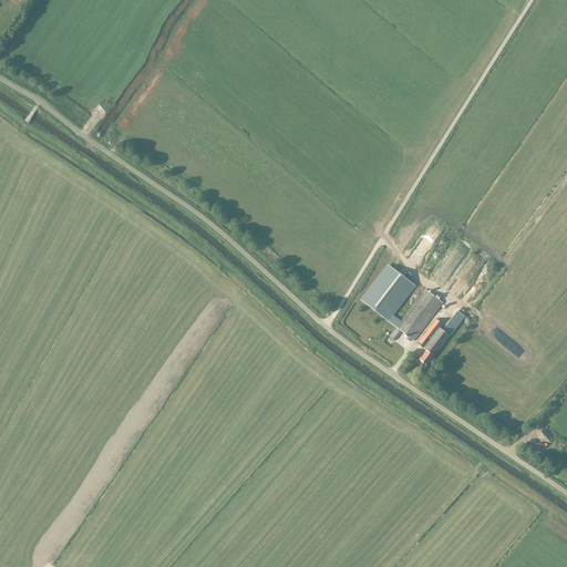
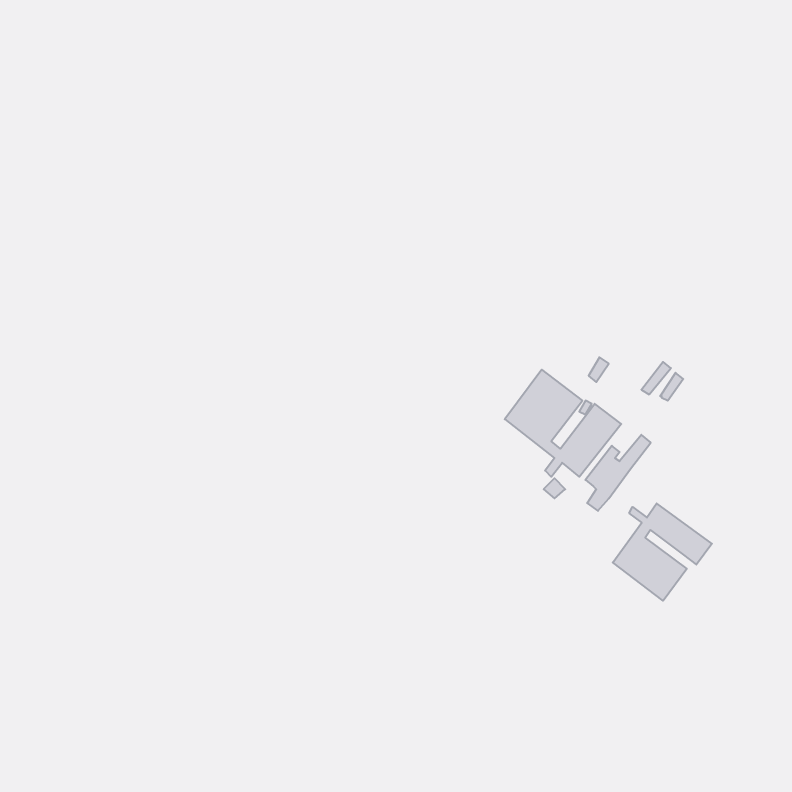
building: none -> [613,503,712,601]

